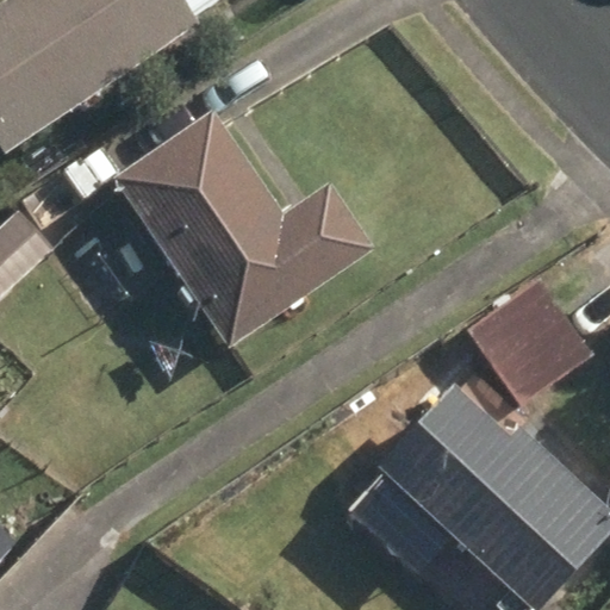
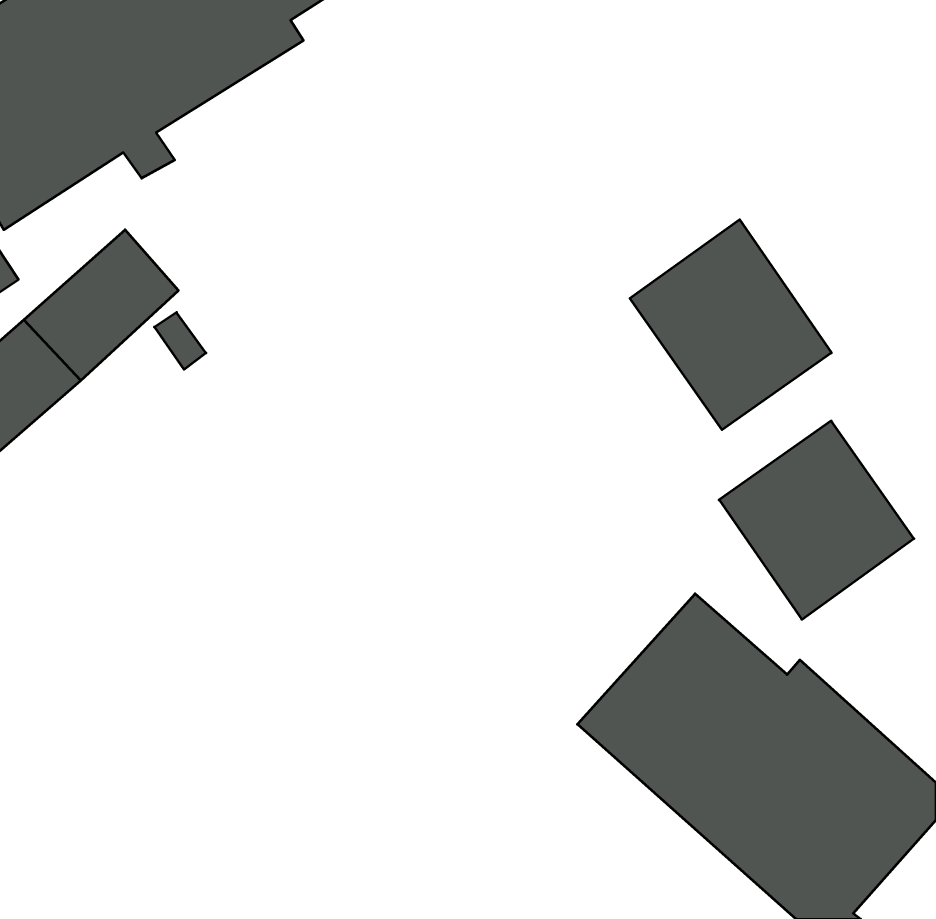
building: [114,112,372,347] -> none
building: none -> [630,220,831,430]

